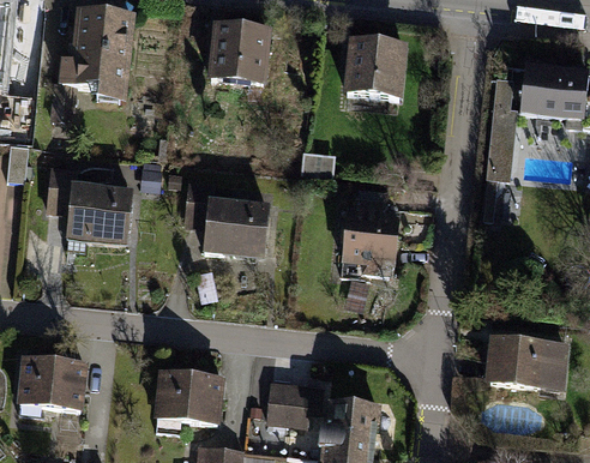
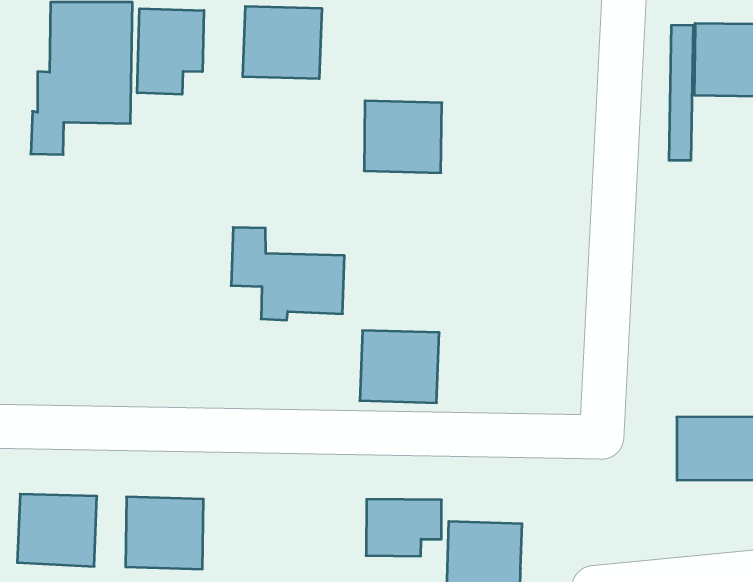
building: none -> [137,9,204,94]
building: [349,40,408,95] -> [364,101,442,173]
building: [48,168,131,248] -> none
building: [339,214,399,269] -> [360,331,439,403]
building: [158,369,217,425] -> [126,497,203,569]

